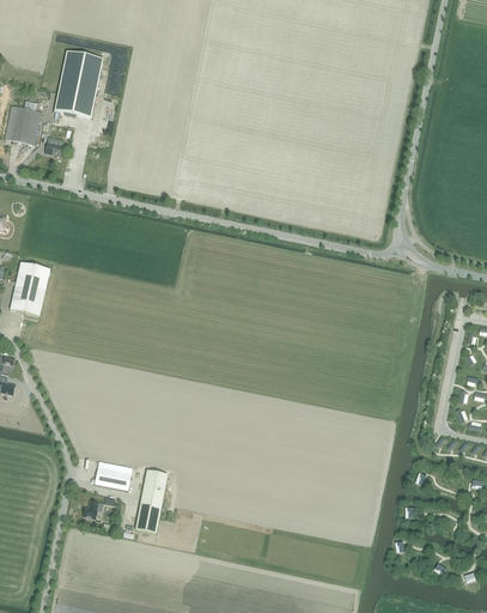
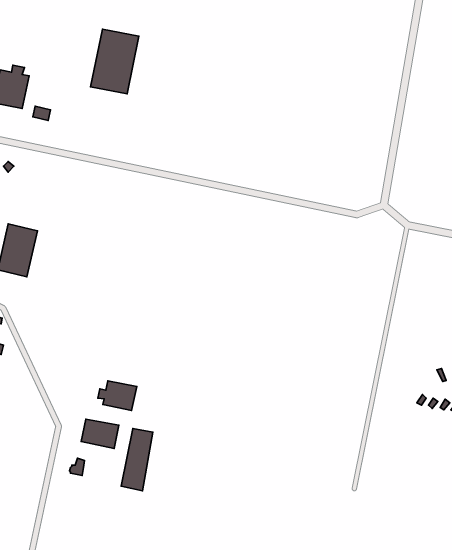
building: [54,51,103,117] -> [91,29,139,94]
building: none -> [98,381,137,410]

